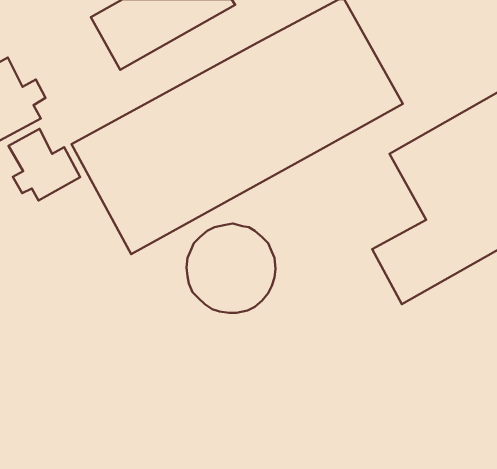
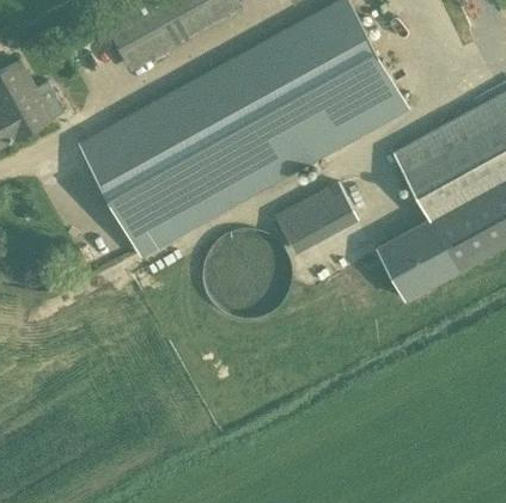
building: [8,129,80,200] -> none
building: none -> [275,184,358,252]

